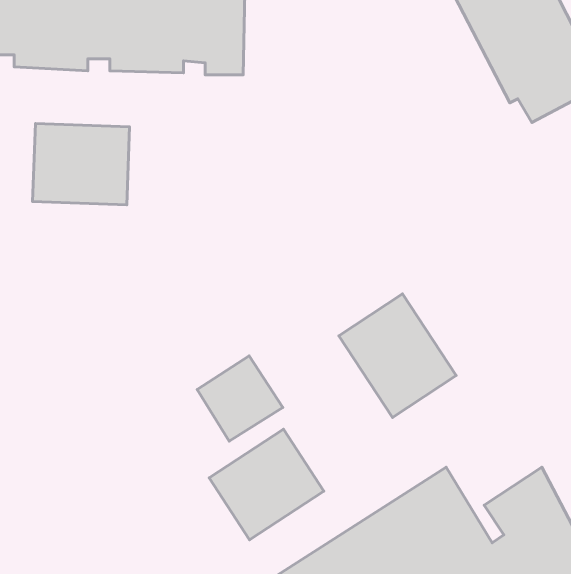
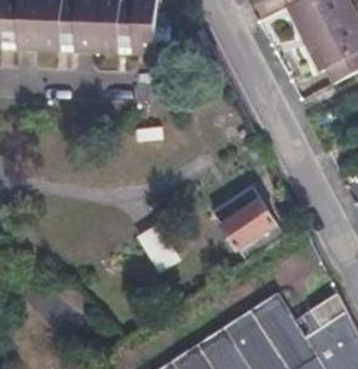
building: [33,124,130,205] -> none
building: [209,429,324,540] -> none

